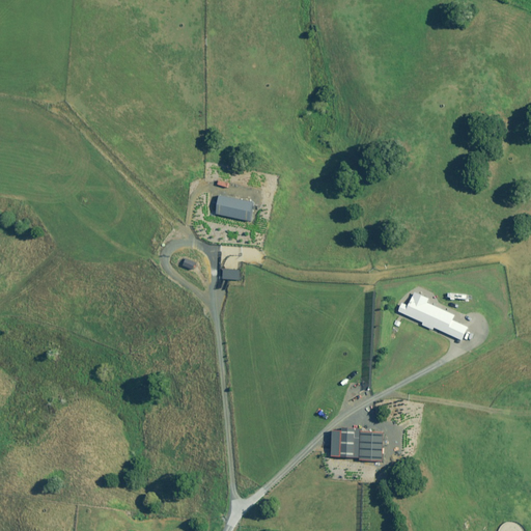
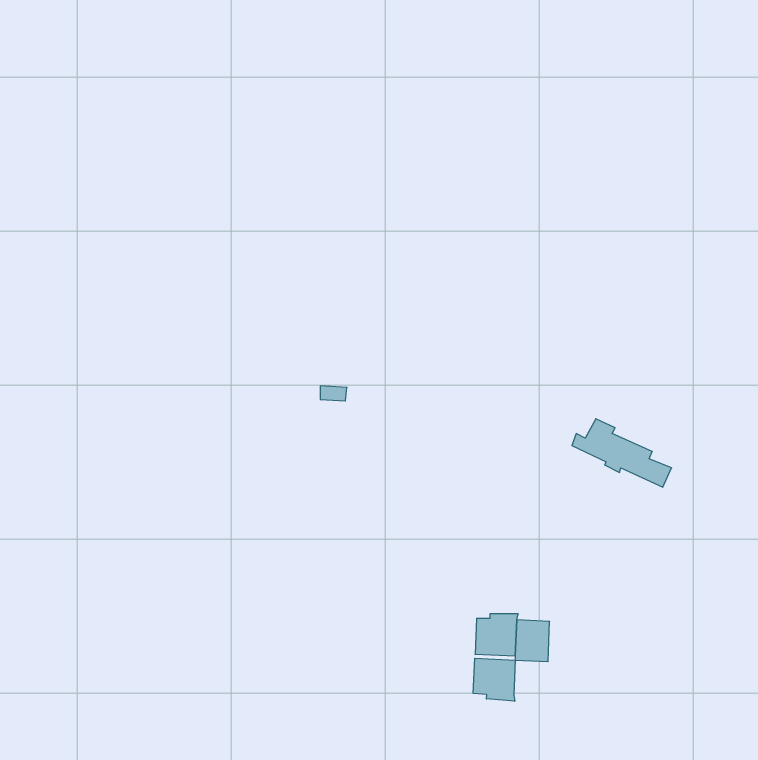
building: [215,194,253,220] -> none
building: none -> [473,658,515,701]

